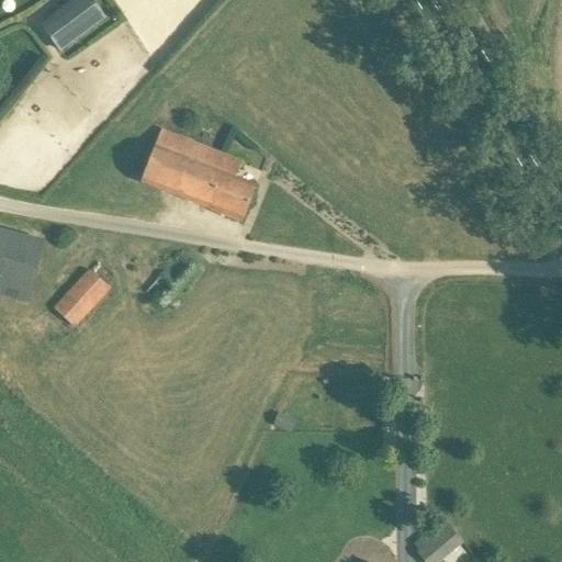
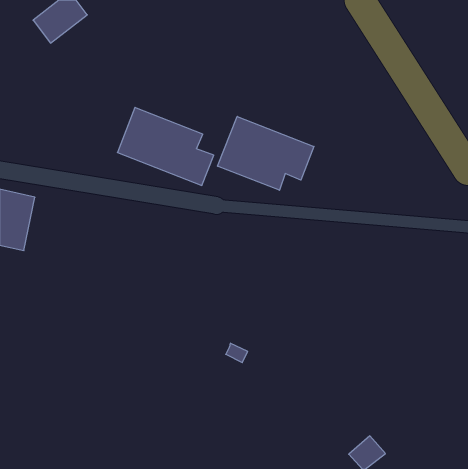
building: none -> [218,116,314,190]
building: [52,267,110,326] -> none

